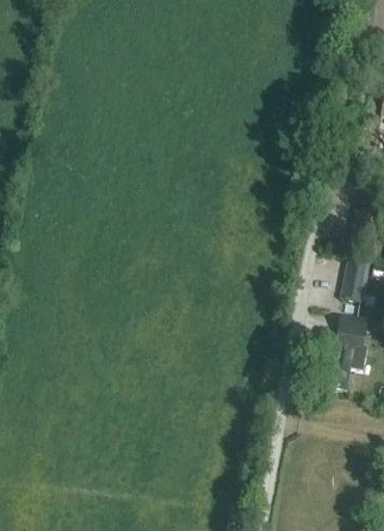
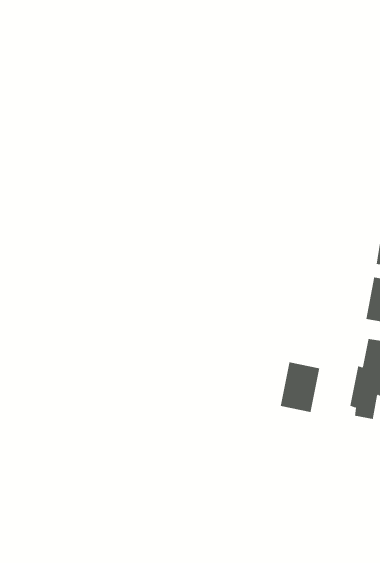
building: none -> [280,361,320,413]

